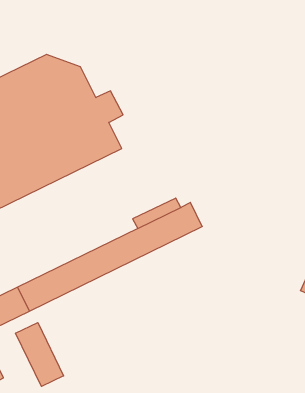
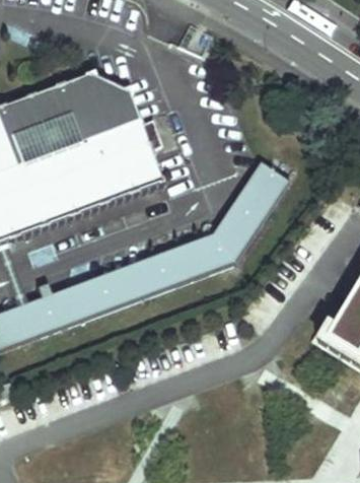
building: none -> [214,162,286,264]
building: [16,323,64,386] -> none

